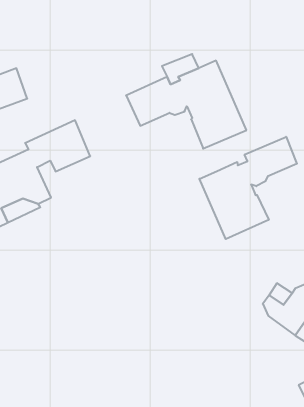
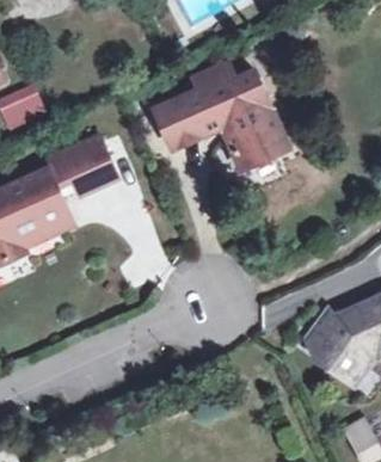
building: [199,137,297,239] -> none

